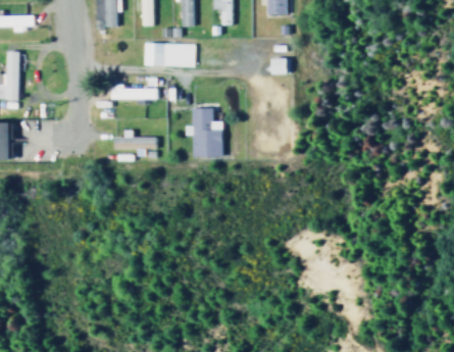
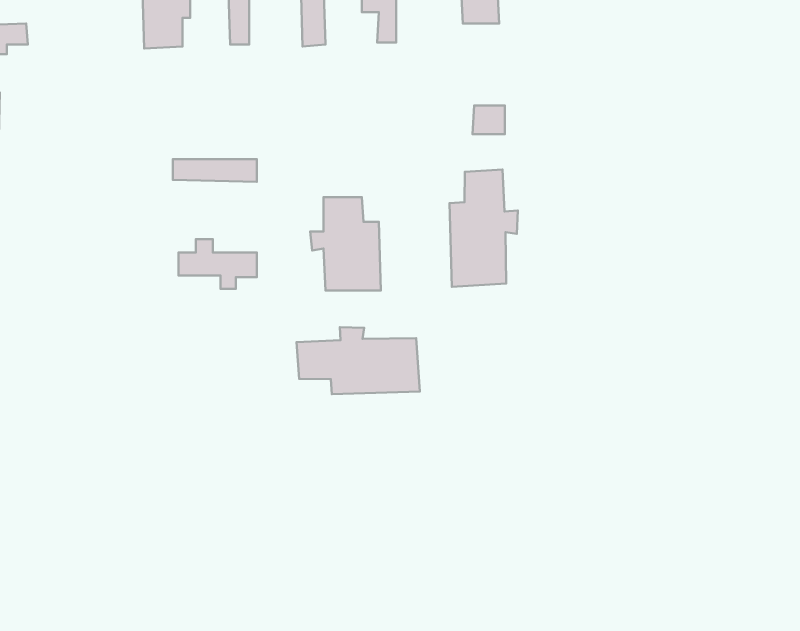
building: [145,42,195,66] -> none
building: none -> [450,170,518,287]
building: none -> [297,327,420,394]

